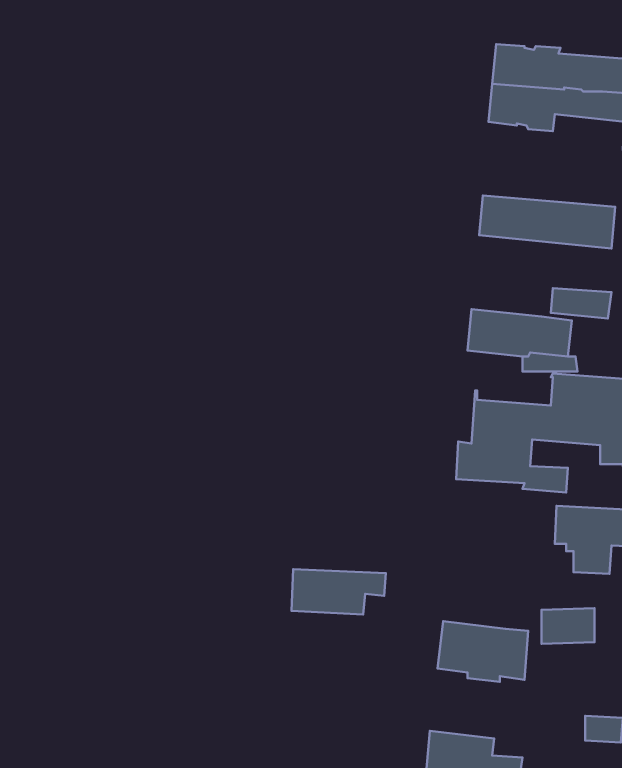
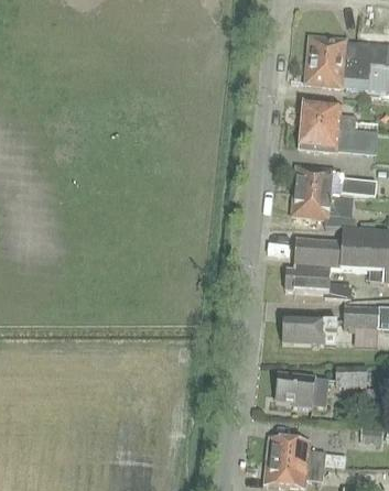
building: none -> [301,101,355,129]
building: none -> [294,166,343,195]
building: [291,569,386,615] -> [281,317,336,343]

